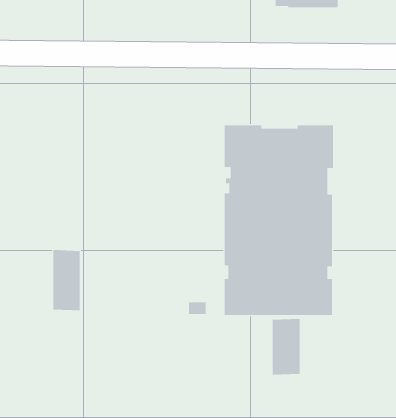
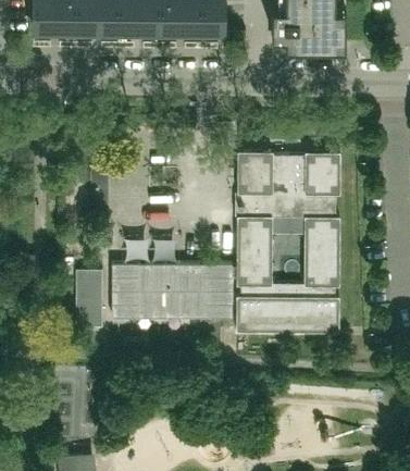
building: none -> [112,263,233,318]
building: [272,318,300,375] -> none

